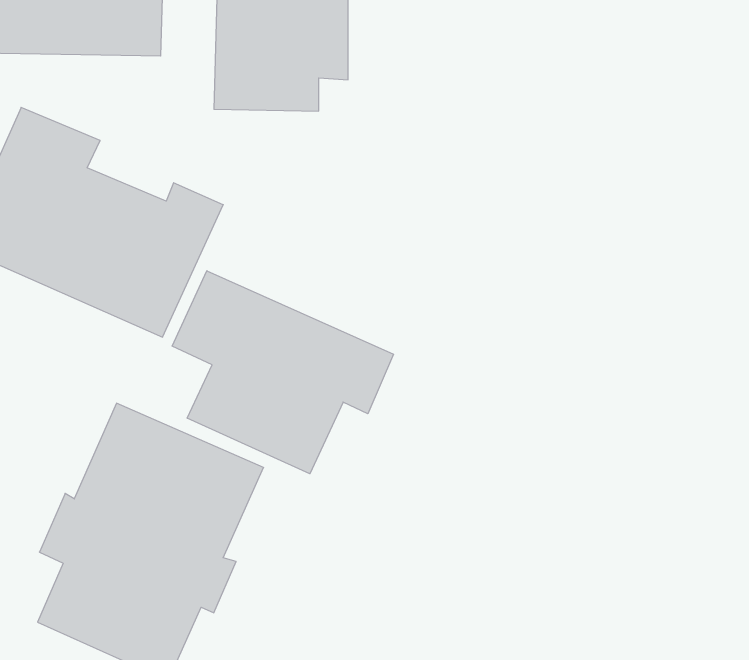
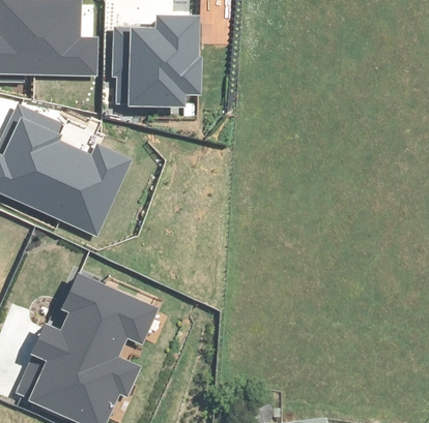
building: [172,271,393,474] -> none

